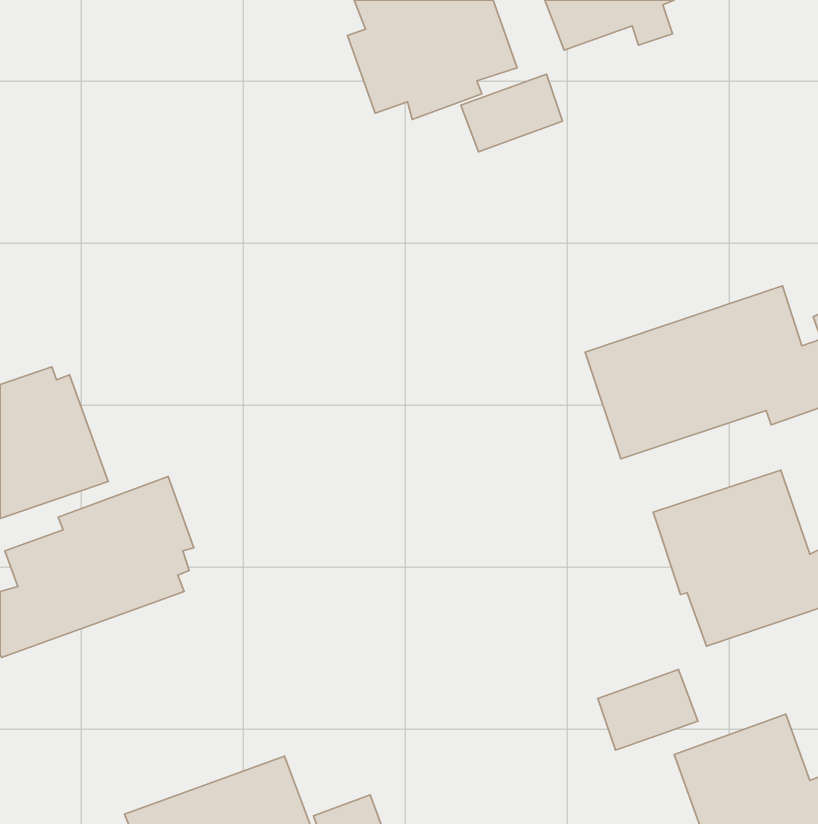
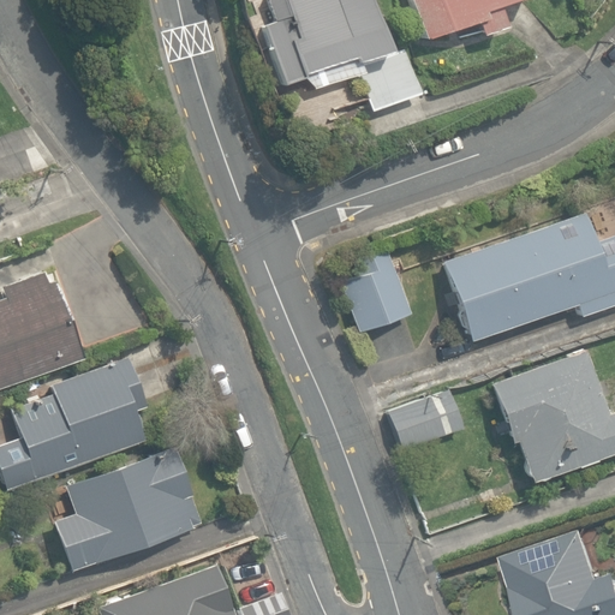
building: none -> [342,251,412,334]
building: none -> [52,447,203,572]
building: [598,669,698,750] -> [389,390,464,450]

